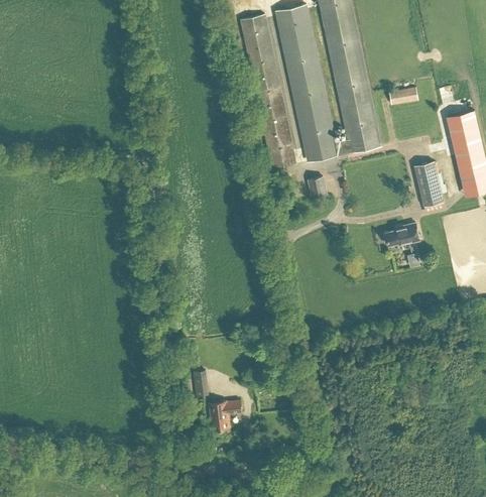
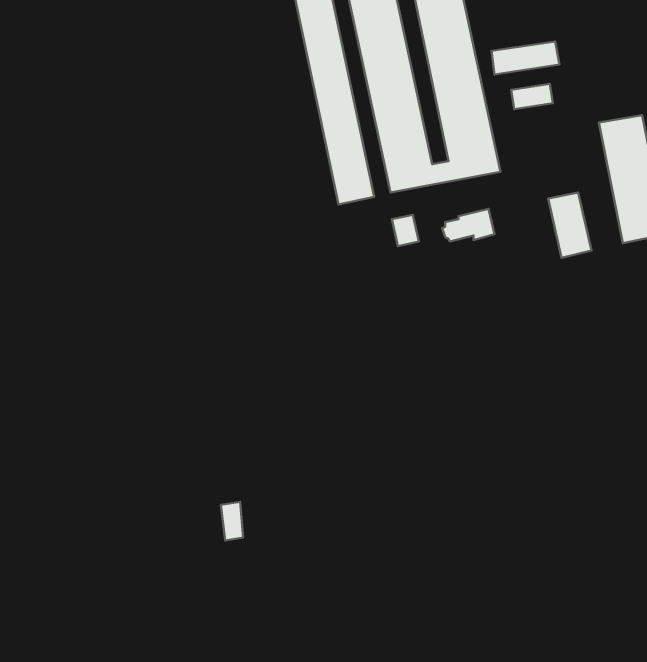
building: none -> [492,41,559,75]
building: [383,223,418,245] -> [442,209,494,242]
building: [208,400,242,430] -> none

